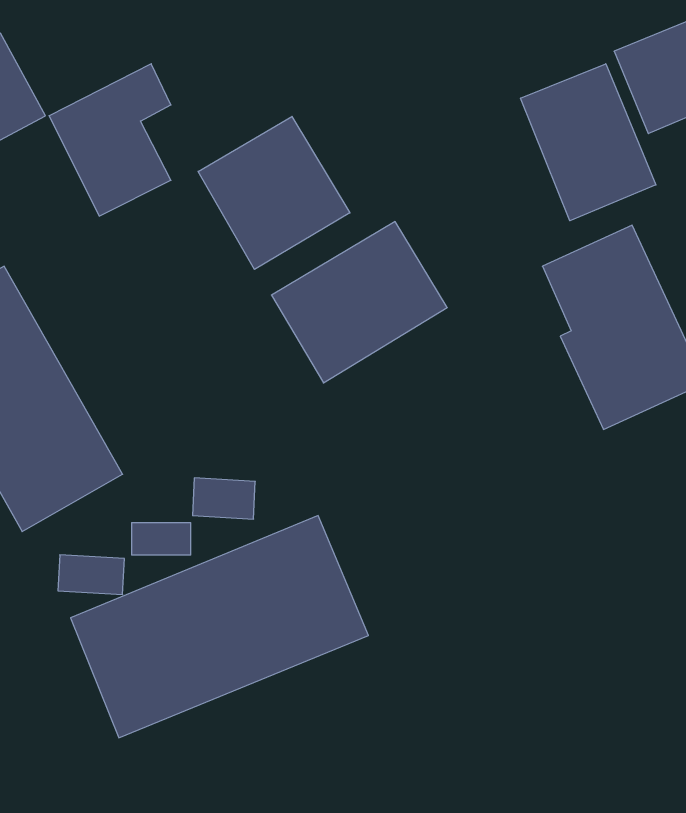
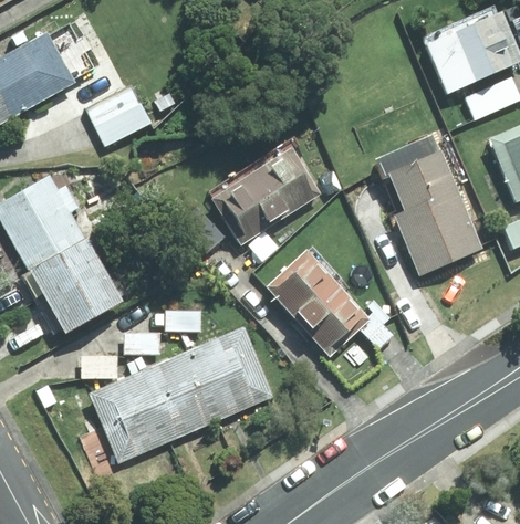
building: [521,64,656,221] -> none
building: [198,116,350,269] -> none
building: none -> [263,248,392,344]

